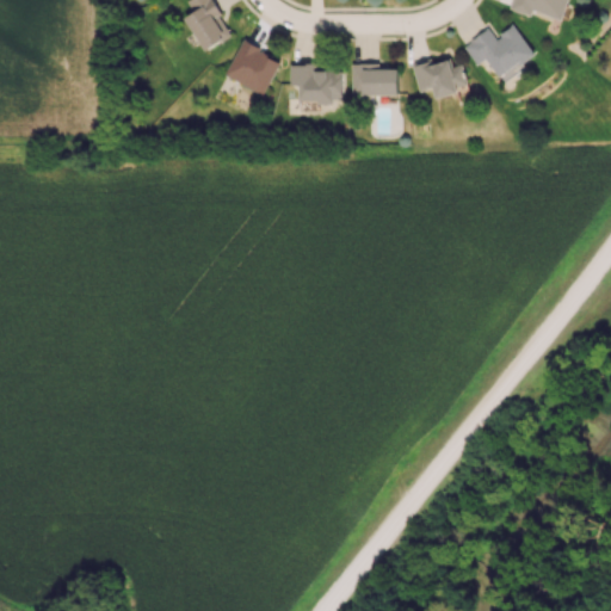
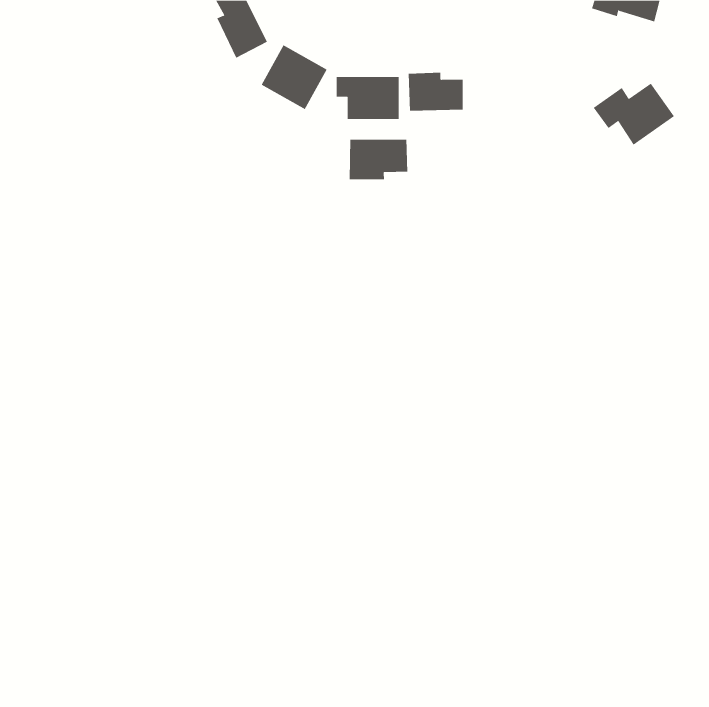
building: [464,26,535,80] -> [593,83,675,145]
building: [412,60,469,100] -> none
building: none -> [349,139,408,180]

